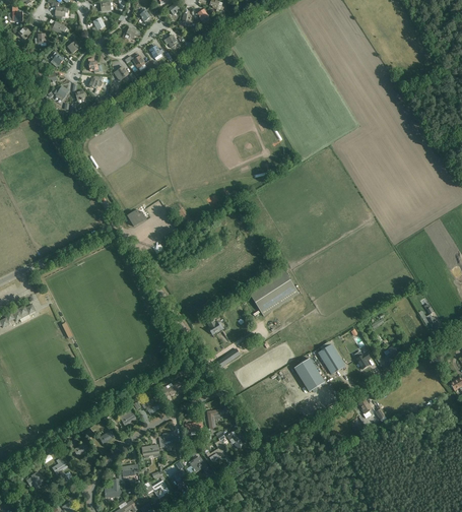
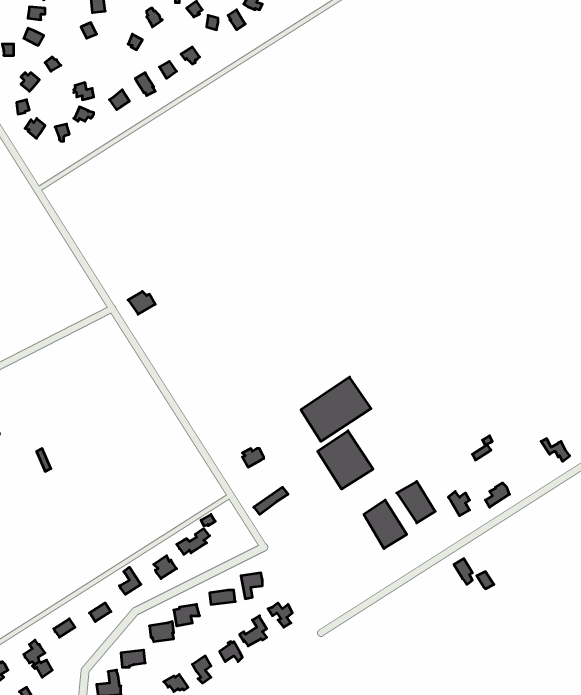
building: none -> [318,431,373,489]

